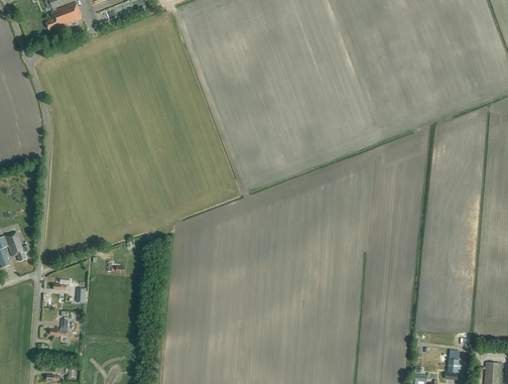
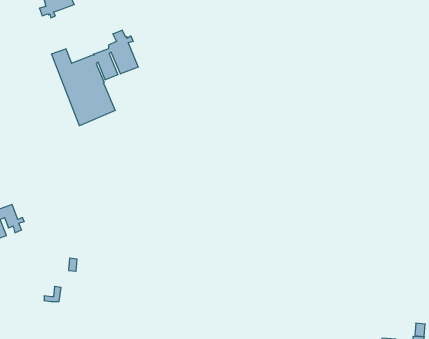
building: none -> [51,30,138,126]

